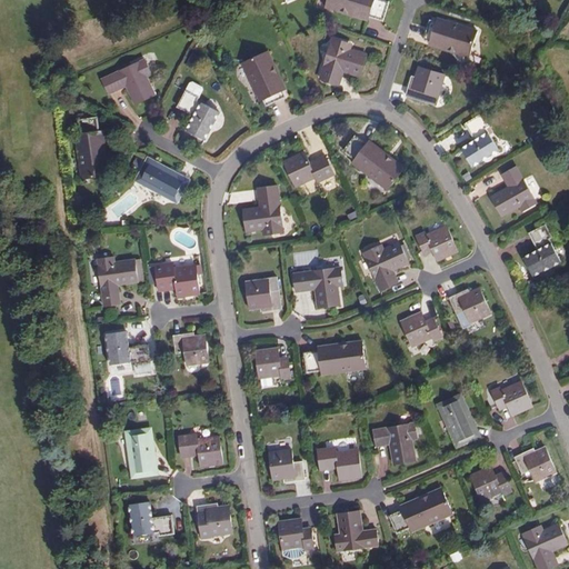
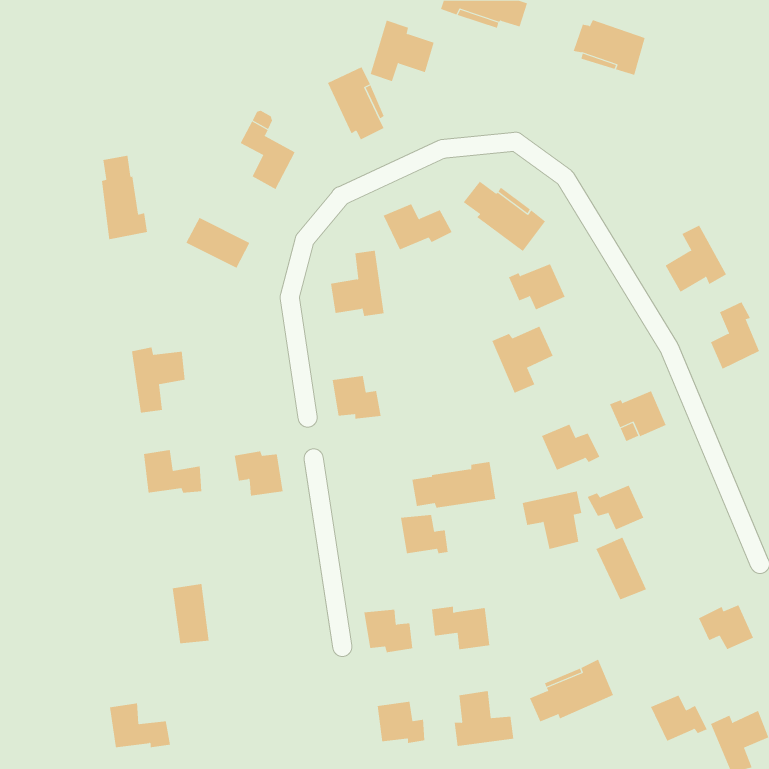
building: [319,38,367,83] -> [370,20,435,82]
building: [101,60,153,104] -> none
building: [400,64,439,102] -> none
building: [460,113,498,166] -> none
building: [415,227,457,261] -> [508,264,566,310]
building: [156,264,199,297] -> none
building: [293,267,342,308] -> none
building: [254,349,290,378] -> [400,515,448,554]
building: [491,381,533,415] -> [587,485,644,530]
building: [373,421,418,465] -> [522,491,582,550]
building: [178,436,222,467] -> none
building: [470,466,512,500] -> [650,695,708,741]
building: [128,502,173,536] -> [109,703,171,748]
building: [197,503,231,538] -> none

